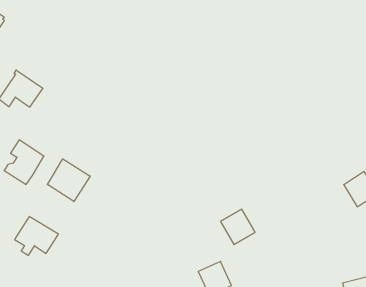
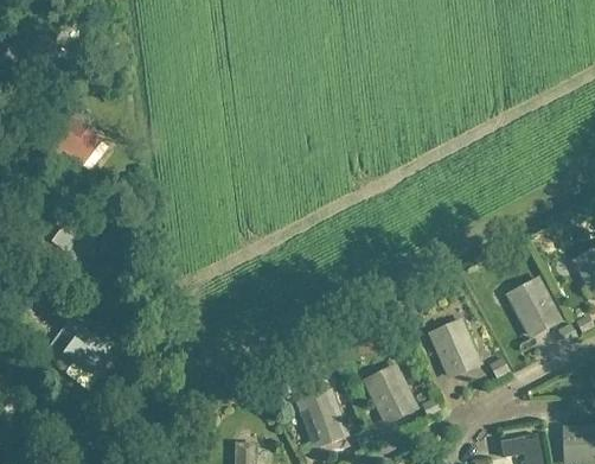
building: [47,159,90,202] -> none
building: none -> [433,328,479,375]
building: [221,209,255,245] -> [367,373,415,421]

